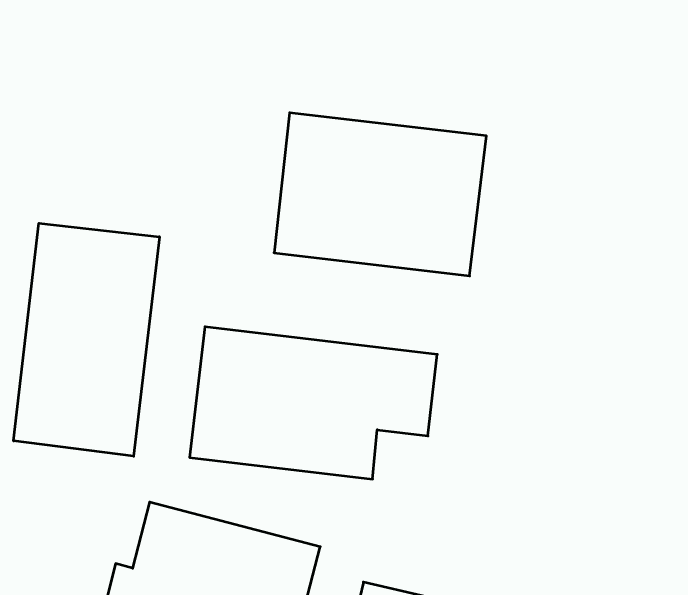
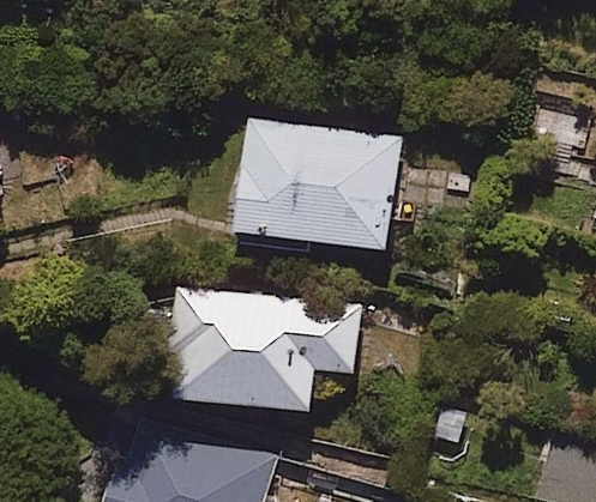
building: [14,223,159,456] -> none

